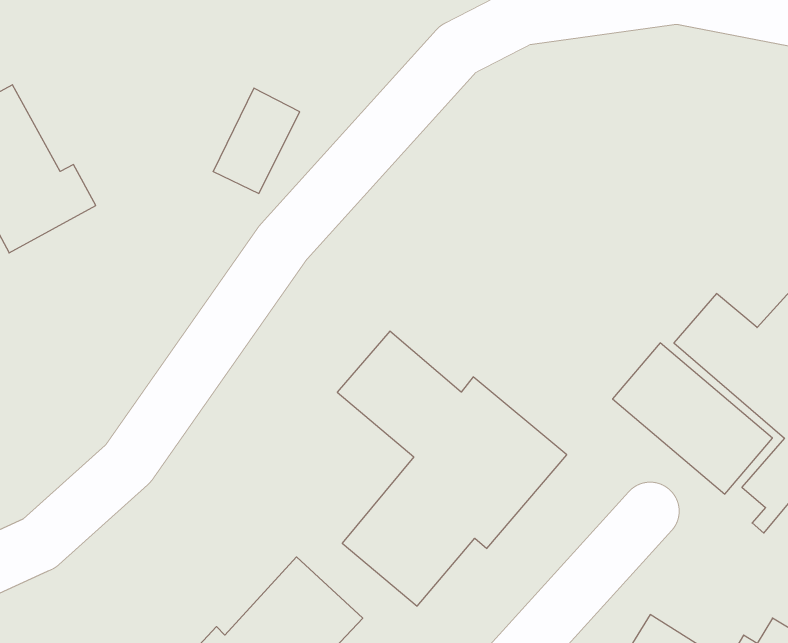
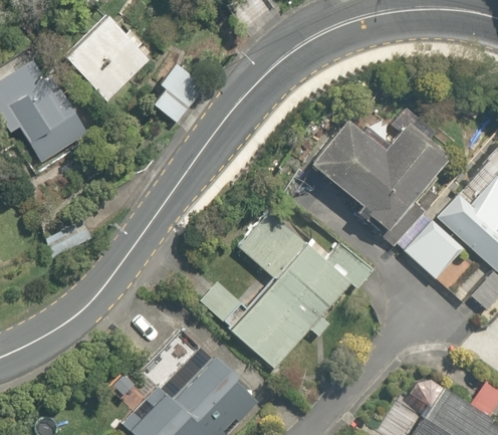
building: none -> [70,17,154,100]
building: none -> [310,120,447,238]

